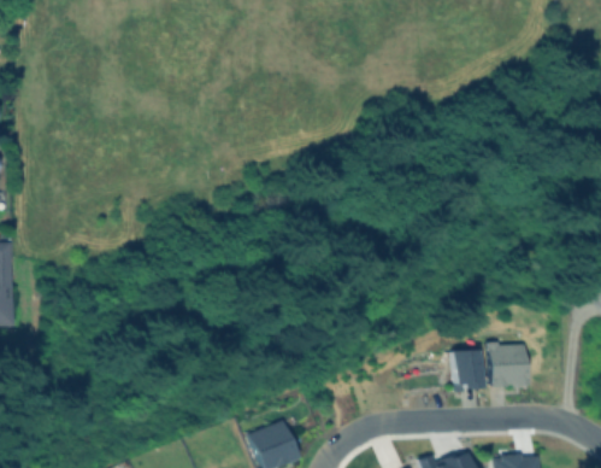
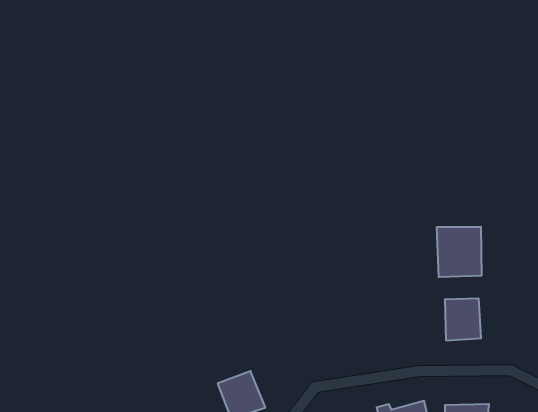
building: none -> [437,227,481,277]
building: [453,351,481,391] -> none

